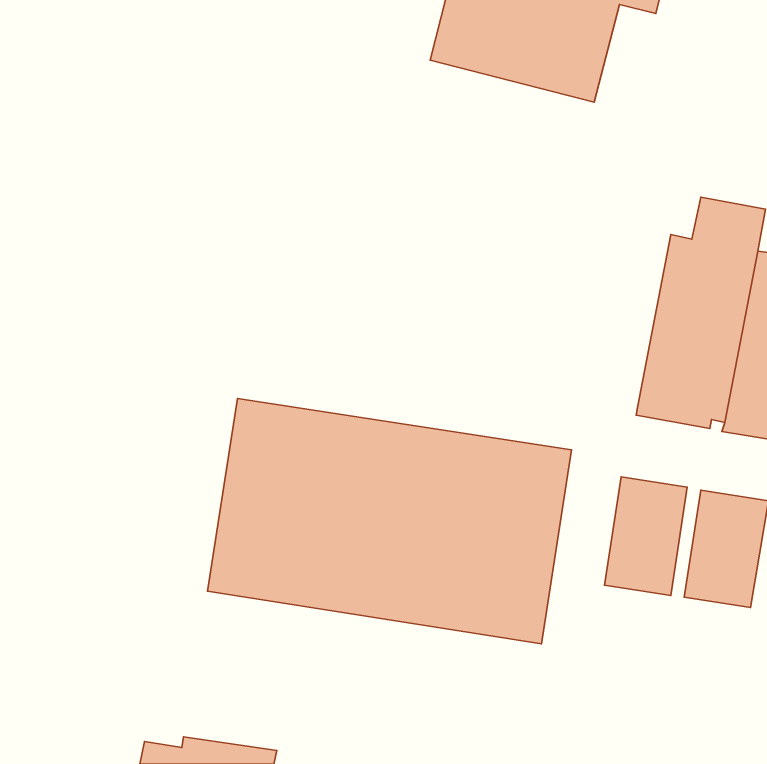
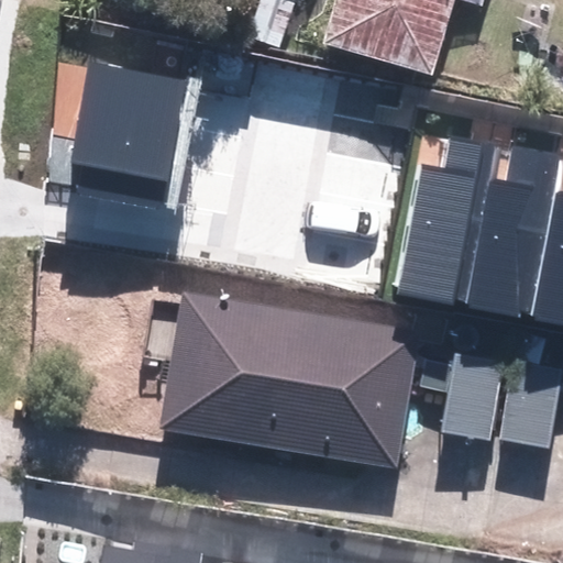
building: none -> [71,60,191,205]
building: none -> [396,132,498,301]

